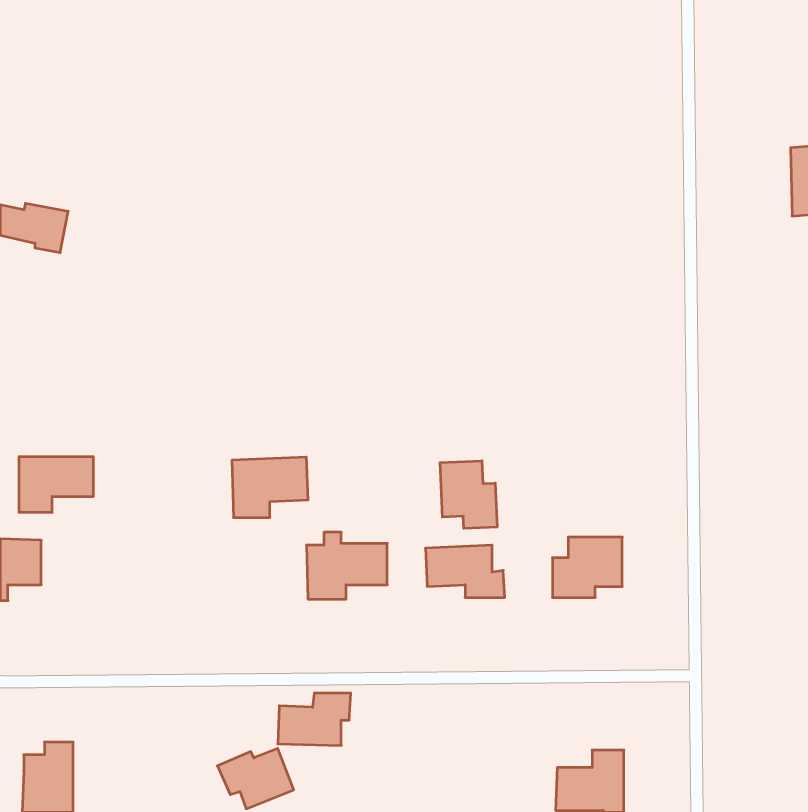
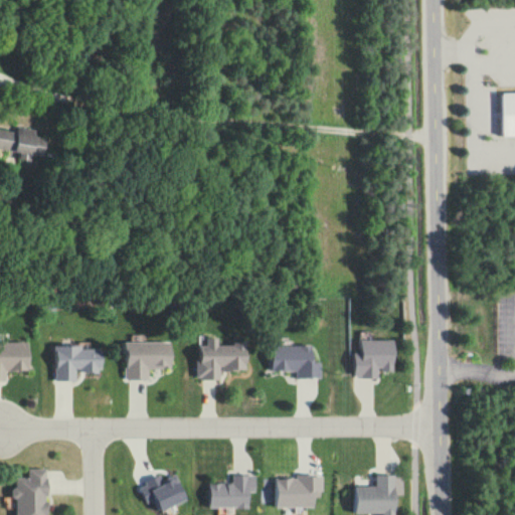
building: [19,457,93,512] -> [55,346,103,381]
building: [232,457,308,517] -> [125,341,173,379]
building: [440,461,497,528] -> none
building: [278,693,351,745] -> [210,475,256,508]
building: none -> [275,475,323,507]

